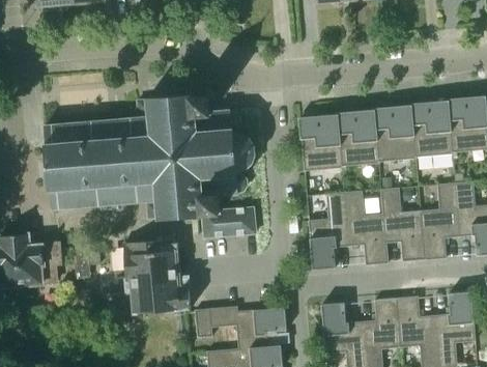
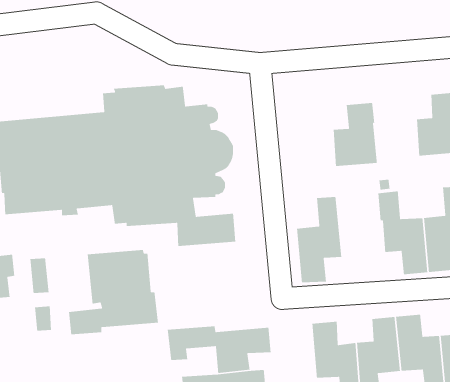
building: [376,105,416,161] -> none
building: [300,114,342,170] -> none
building: [343,190,388,264] -> none

